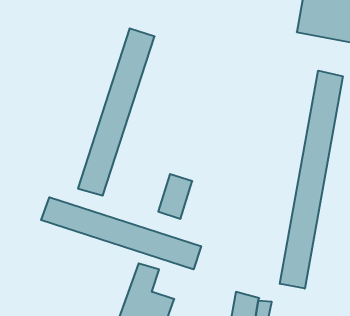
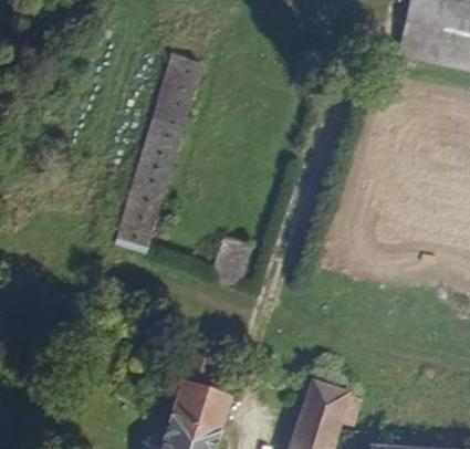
building: [280,71,343,289] -> none
building: [41,197,201,269] -> none

